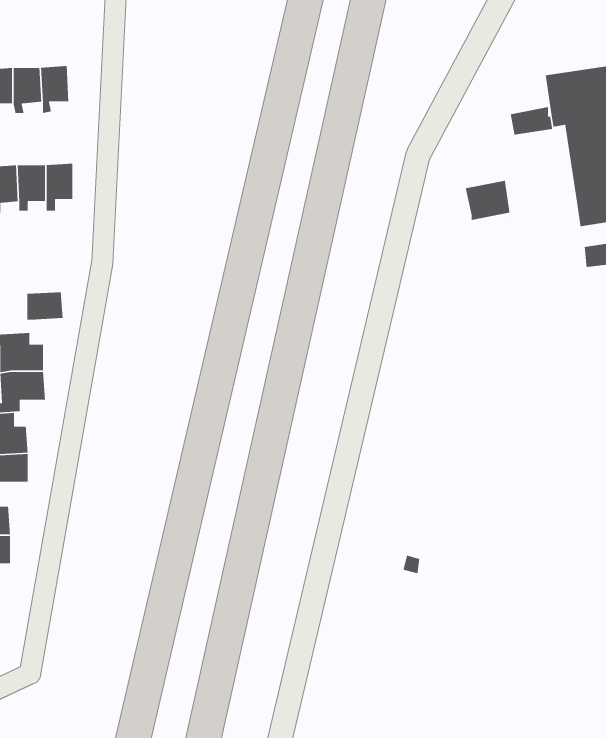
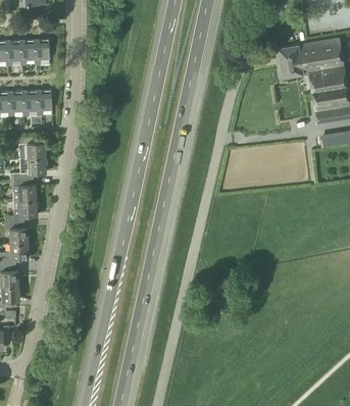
building: [465,180,512,223] -> [278,44,302,66]
building: none -> [20,137,46,159]

